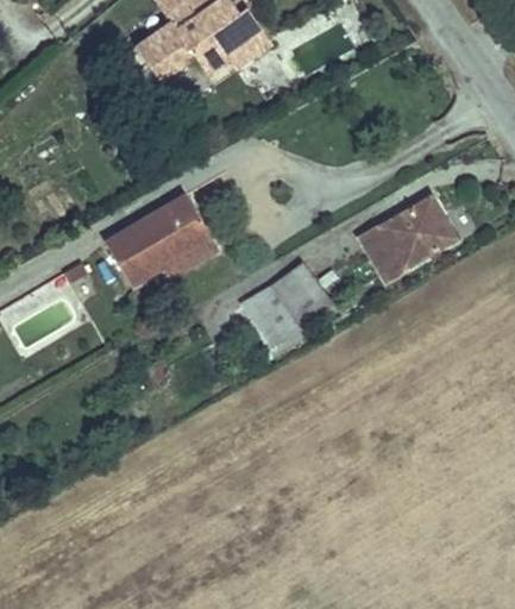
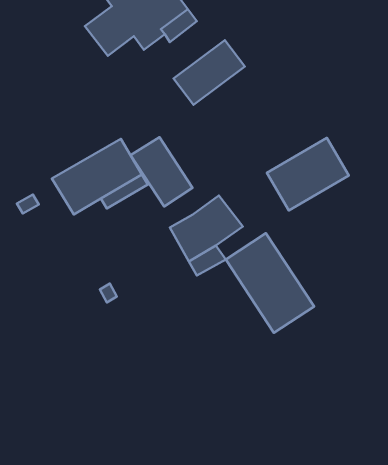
building: none -> [174,40,245,105]
building: none -> [130,137,193,206]
building: none -> [226,233,314,333]

